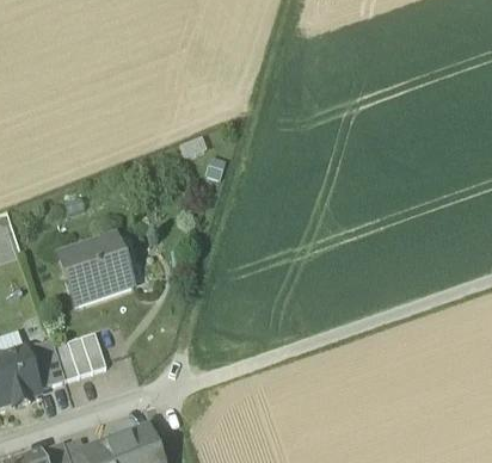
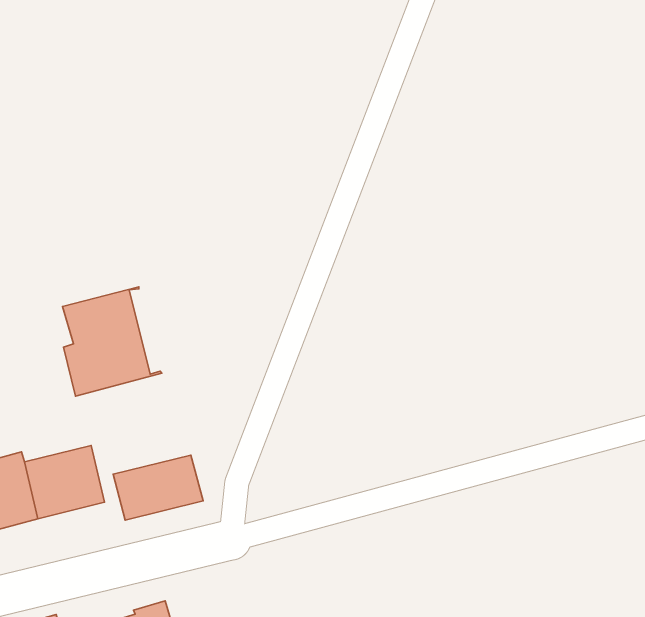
building: none -> [113,455,203,520]

